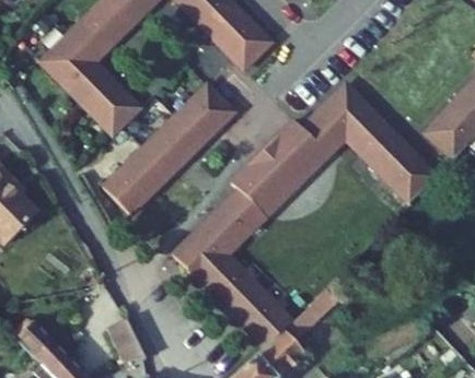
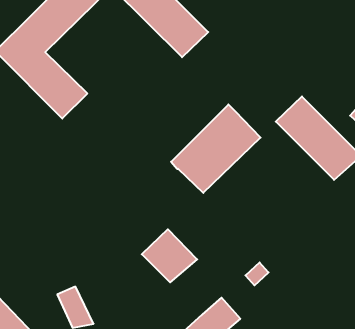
building: [103,83,234,213] -> none
building: [301,83,373,155] -> none
building: [172,189,266,282] -> none
building: [230,287,294,347] -> none

